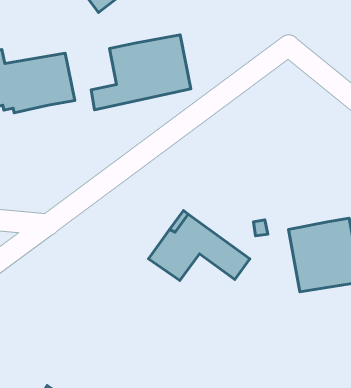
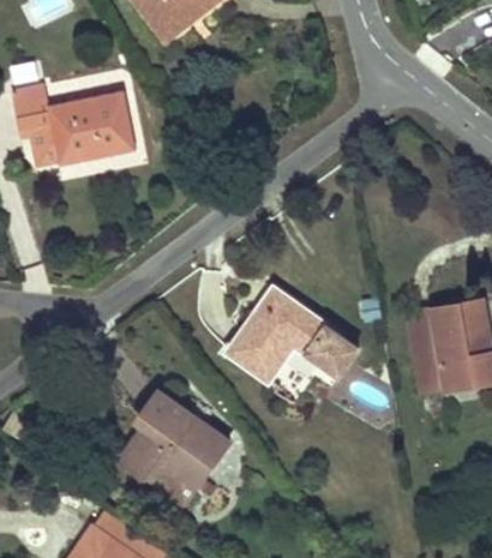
building: [91,35,191,110] -> none
building: none -> [120,390,228,488]

